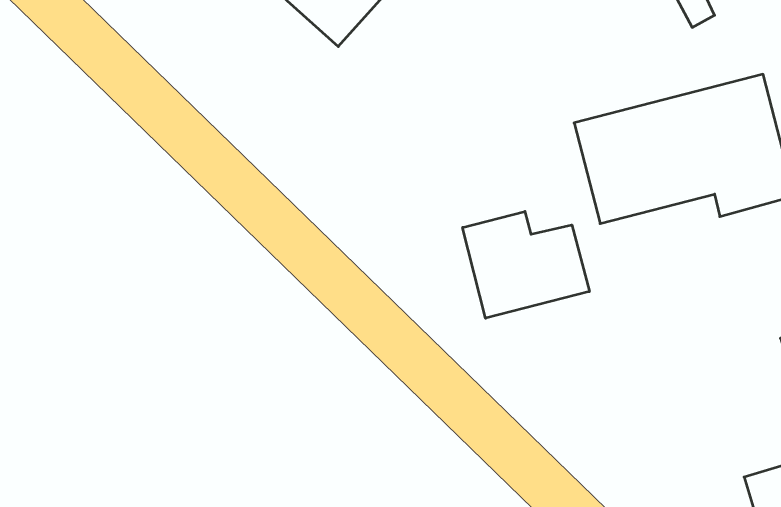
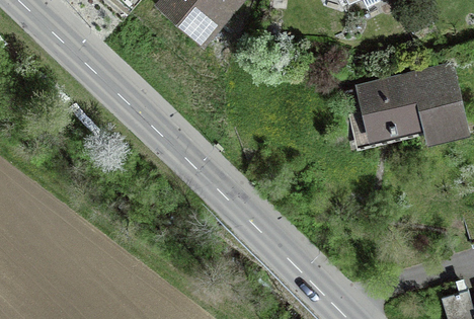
building: [463,211,589,318] -> none

